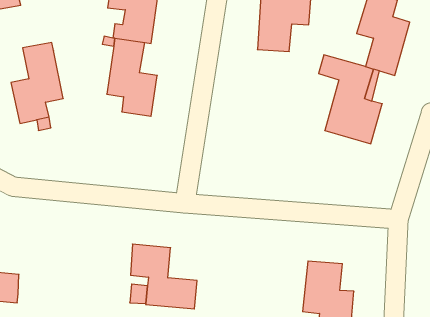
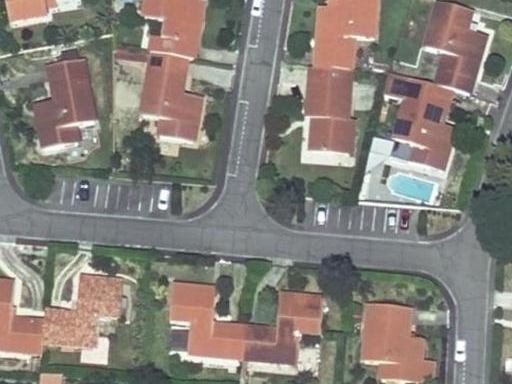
building: none -> [309,65,352,153]
building: none -> [43,276,122,344]
building: none -> [242,294,323,362]

